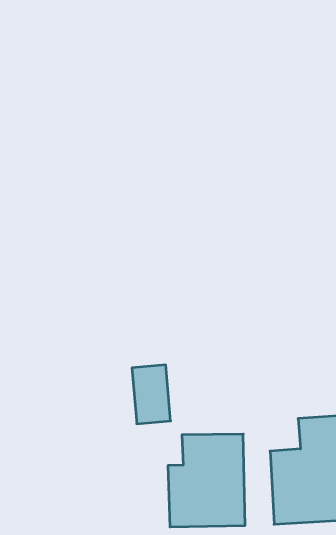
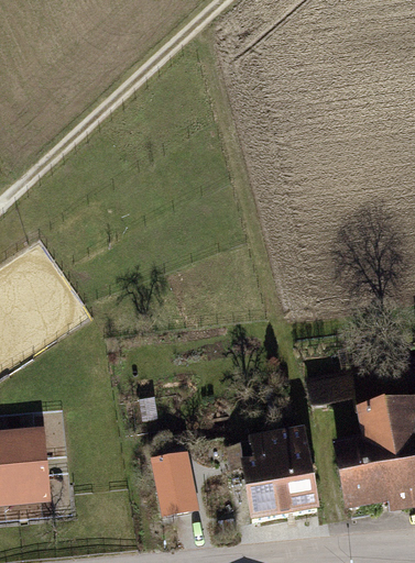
building: [132,365,171,424] -> [152,453,195,512]

